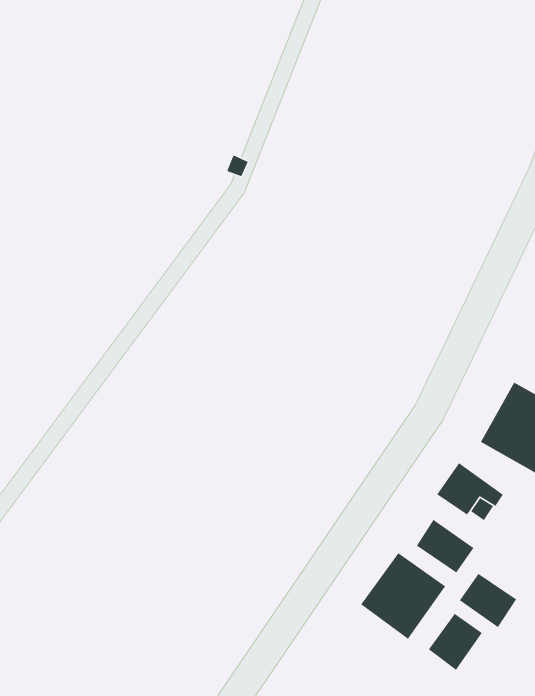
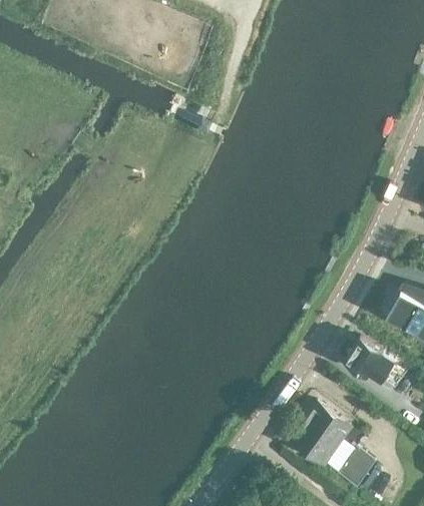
building: [416,519,475,573] -> none
building: [459,573,517,628] -> none

